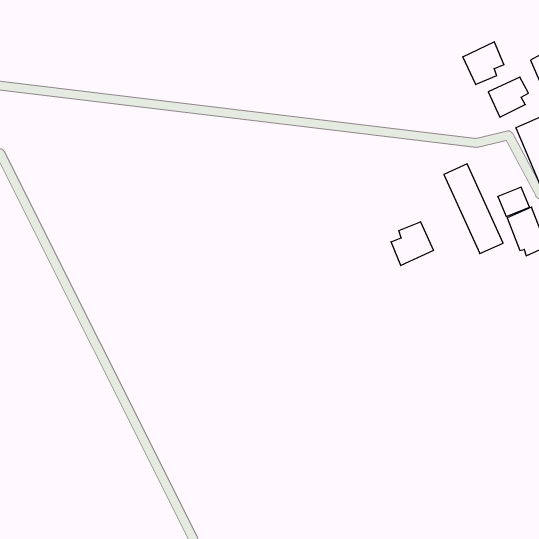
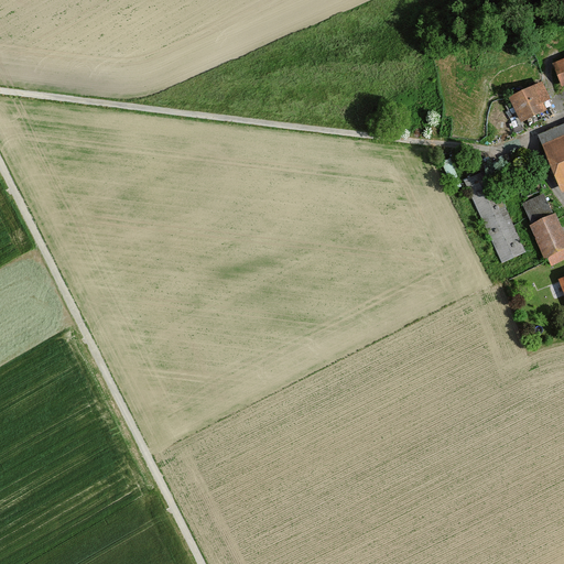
building: [463,42,504,85] -> none
building: [391,222,433,266] -> none

